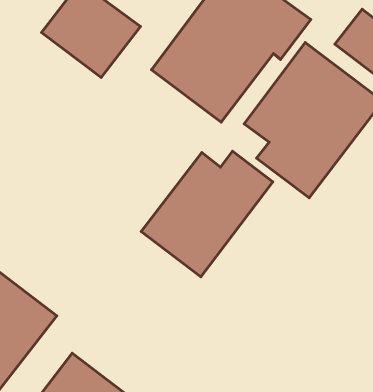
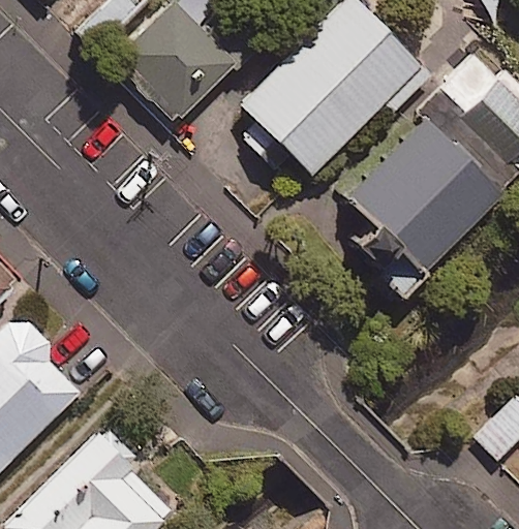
building: [141,151,273,277] -> none

